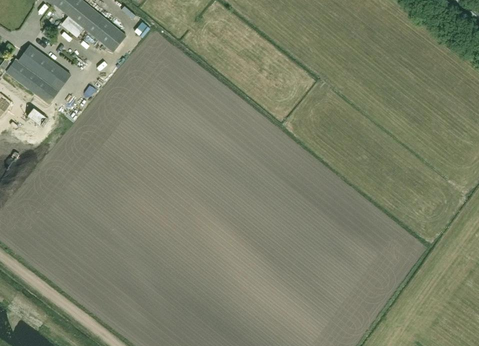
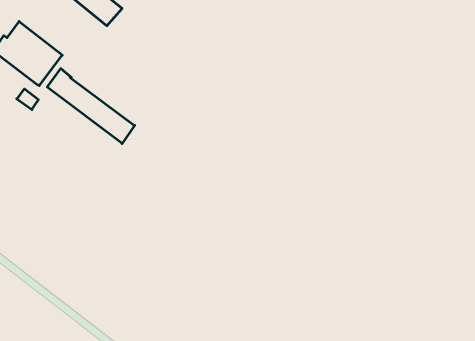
building: none -> [47,69,135,144]

